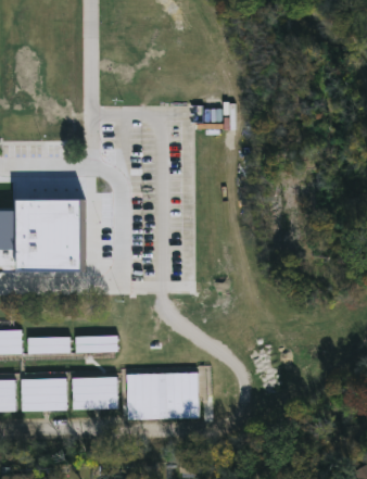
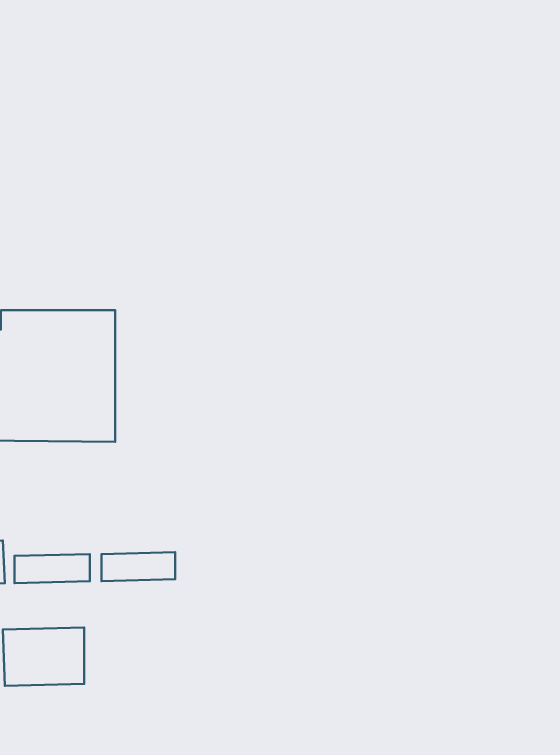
building: [127,373,199,419] -> none
building: [72,377,118,409] -> none

